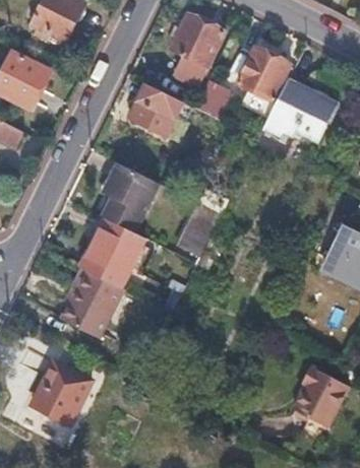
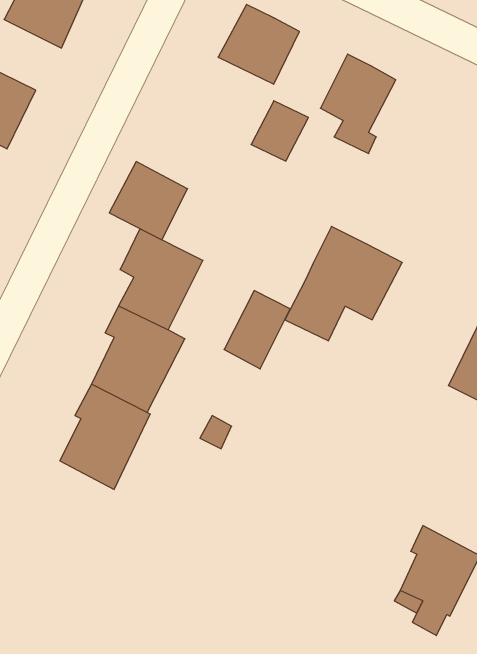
building: [257,77,337,154] -> [285,226,402,341]
building: [129,83,182,136] -> [109,162,188,240]
building: [32,359,94,424] -> none

